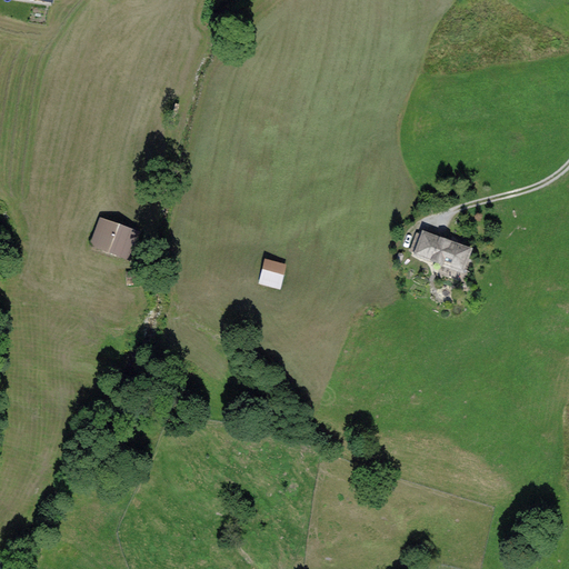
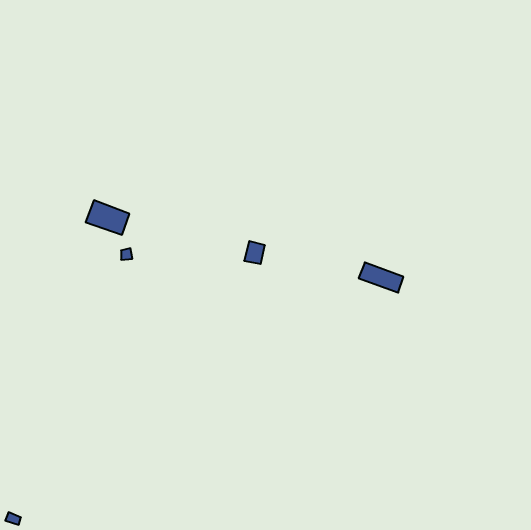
building: [418,234,466,267] -> [359,262,403,293]

